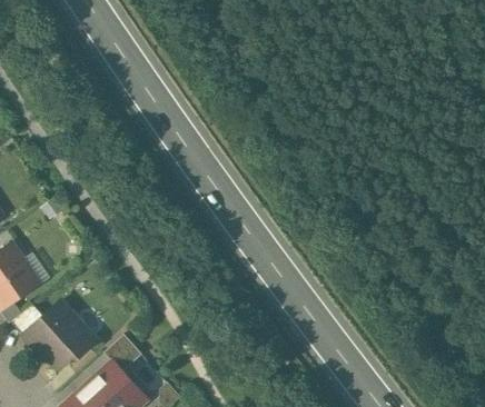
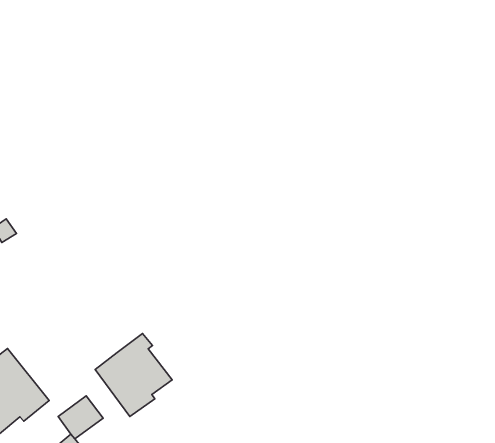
building: none -> [95,334,172,417]

